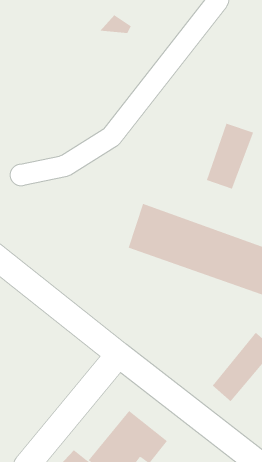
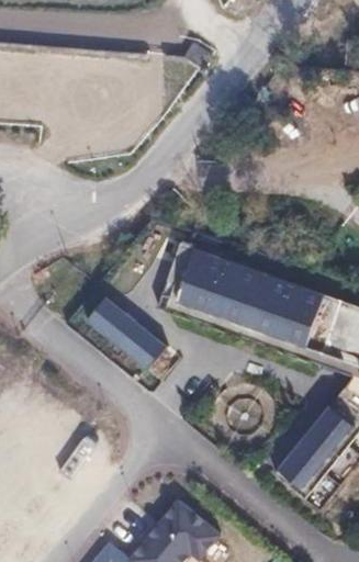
building: [206,123,254,189] -> none
building: none -> [89,296,170,373]

